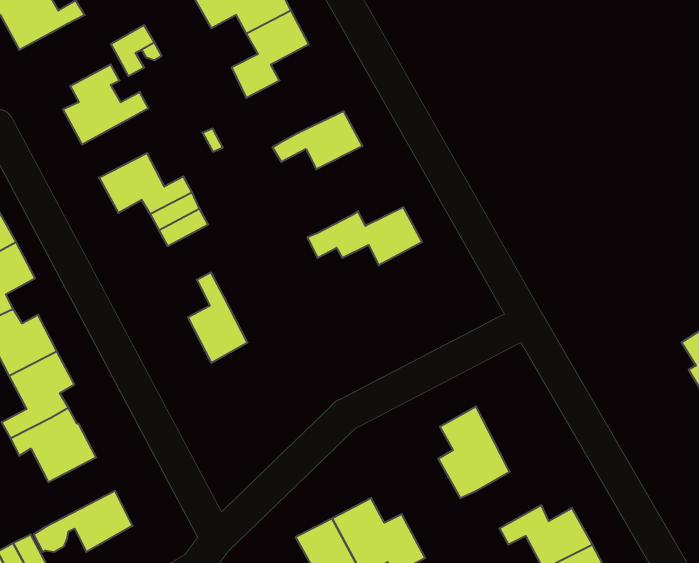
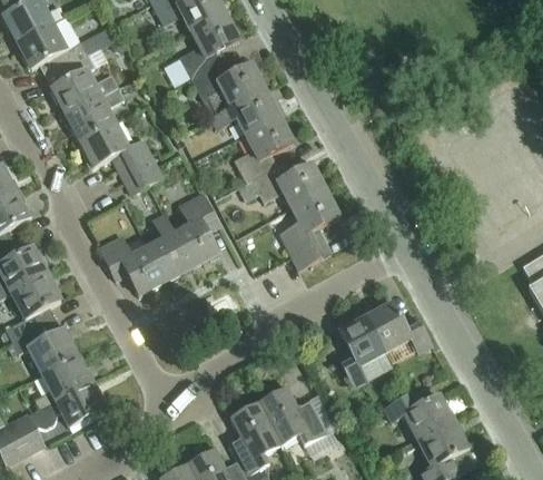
building: none -> [18,22,88,76]
building: none -> [191,62,266,114]
building: none -> [66,87,122,140]
building: none -> [234,116,294,183]
building: none -> [282,189,340,270]
building: none -> [175,193,219,266]
building: none -> [98,236,165,295]
building: none -> [367,301,432,352]
building: none -> [33,354,91,408]

